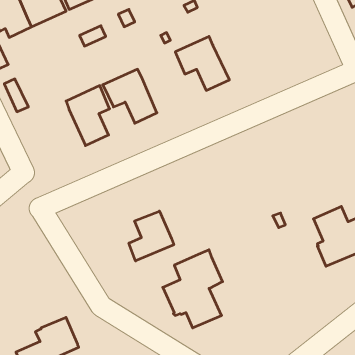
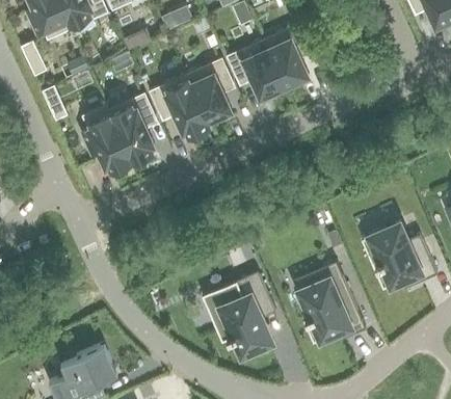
building: none -> [260,25,308,88]
building: none -> [183,60,231,124]
building: none -> [79,106,127,170]
building: [129,211,174,261] -> none
building: none -> [301,263,368,344]

